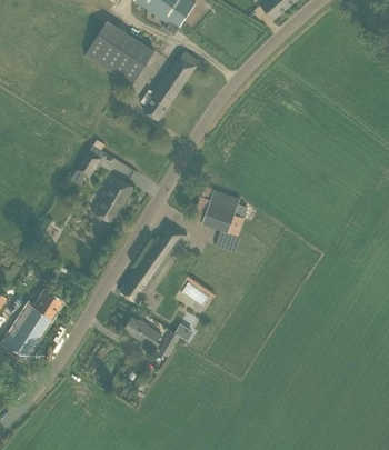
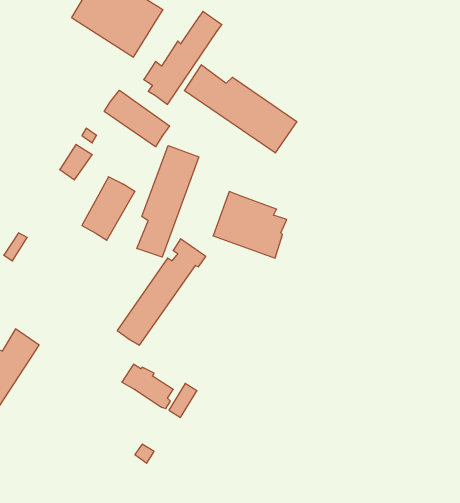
building: none -> [184,65,297,153]
building: none -> [104,90,169,147]
building: none -> [137,146,199,257]

